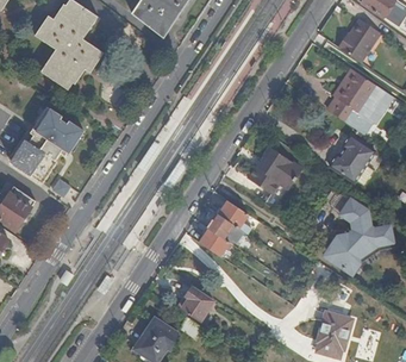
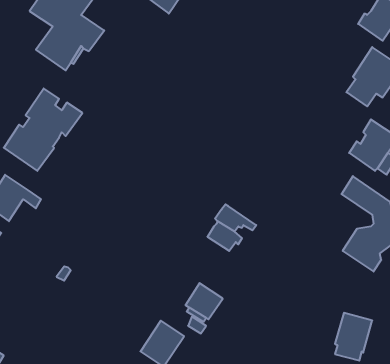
building: [250,145,301,193] -> none
building: [218,200,251,233] -> none

